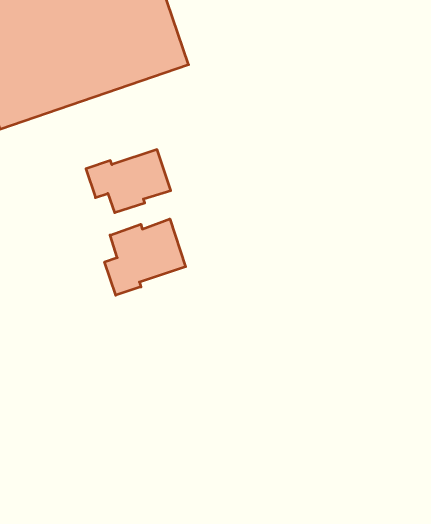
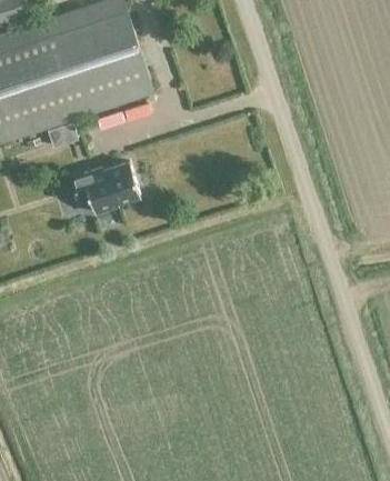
building: [105,219,186,295] -> none

